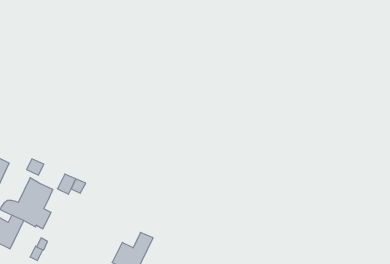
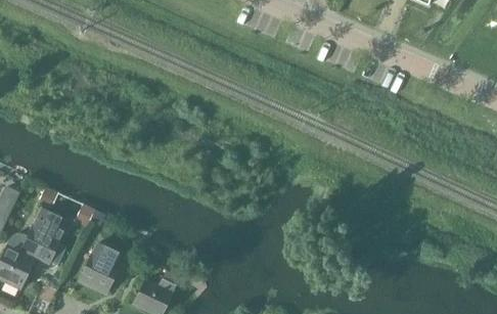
building: none -> [80,240,125,294]

